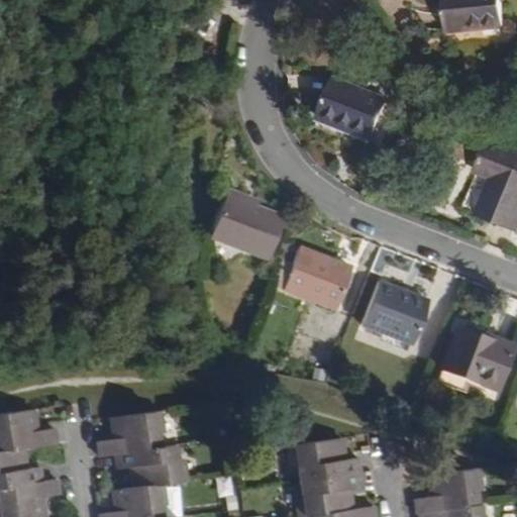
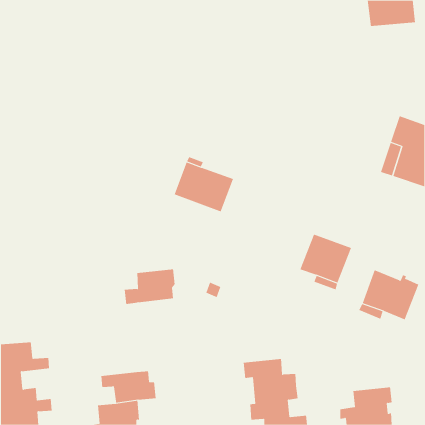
building: [319,80,386,142] -> none
building: [272,247,349,306] -> none
building: [105,415,168,458] -> [124,269,175,304]

